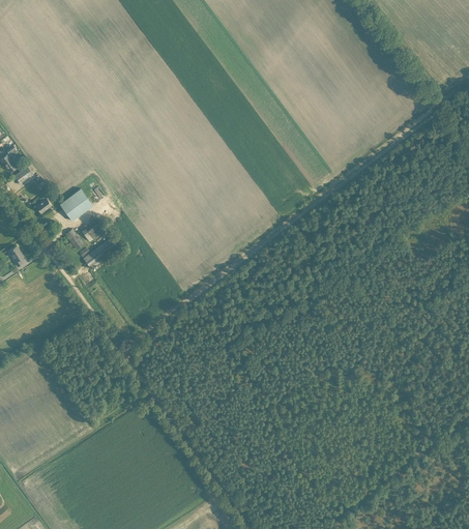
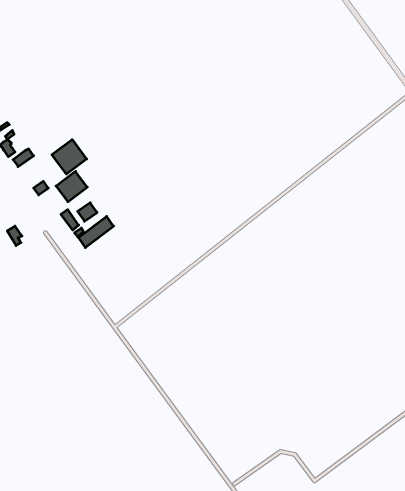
building: none -> [52,140,87,174]

